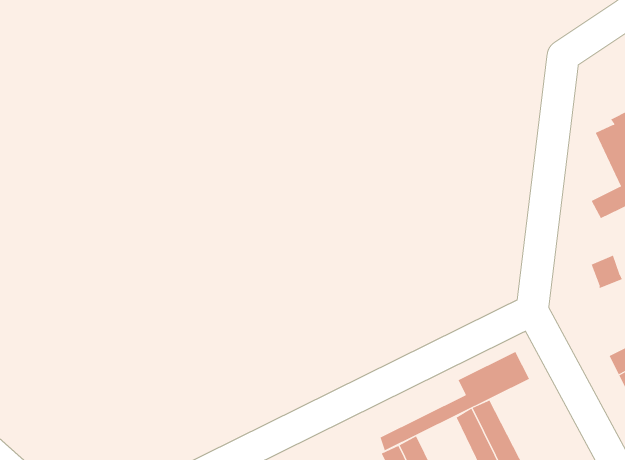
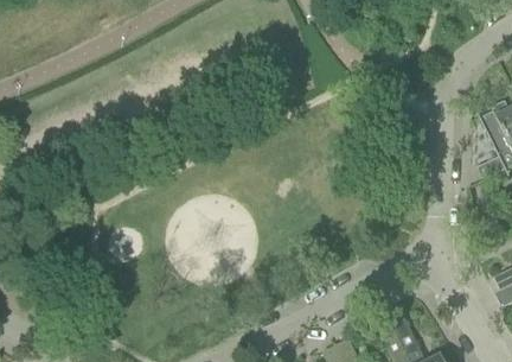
building: [380,351,530,451] -> none

